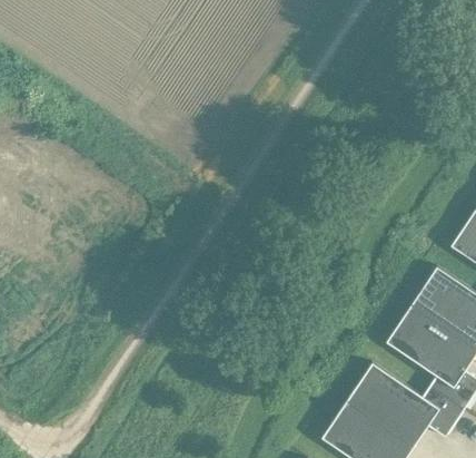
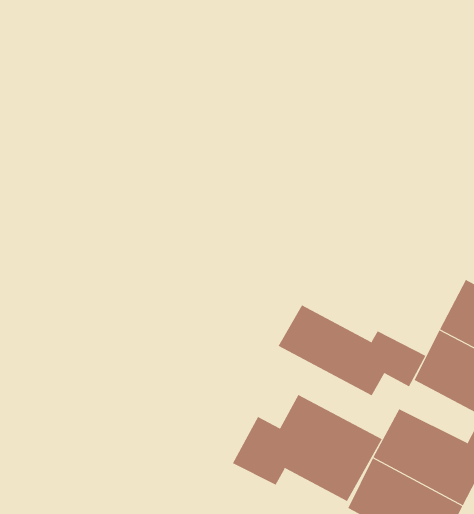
building: none -> [278,305,426,396]
building: none -> [232,394,382,502]

